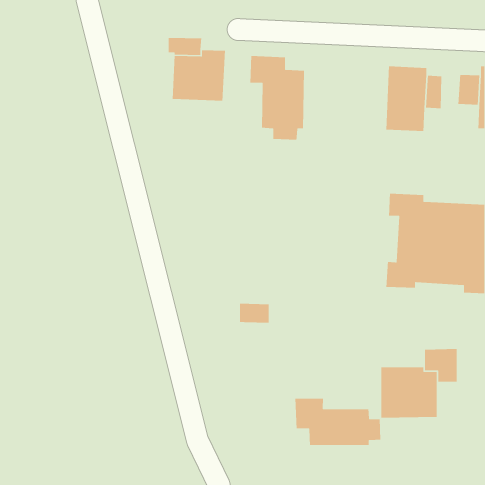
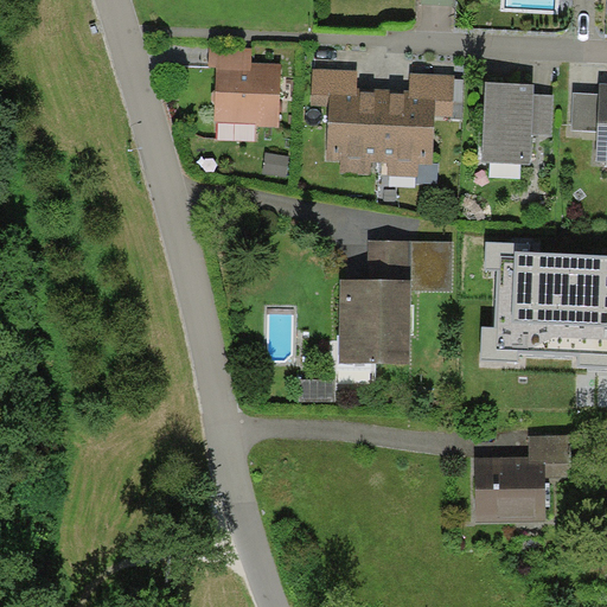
building: none -> [379,74,455,175]
building: none -> [340,241,453,364]
building: [295,398,381,446] -> none

